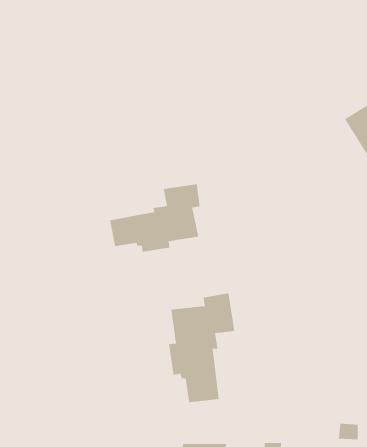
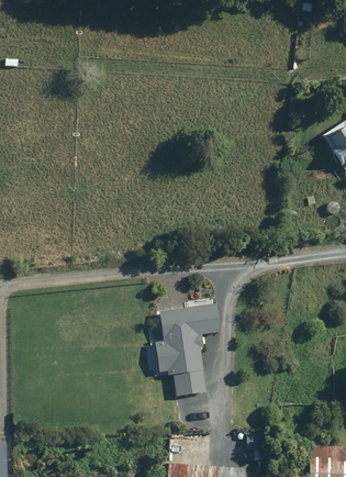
building: [110,184,200,253] -> none

